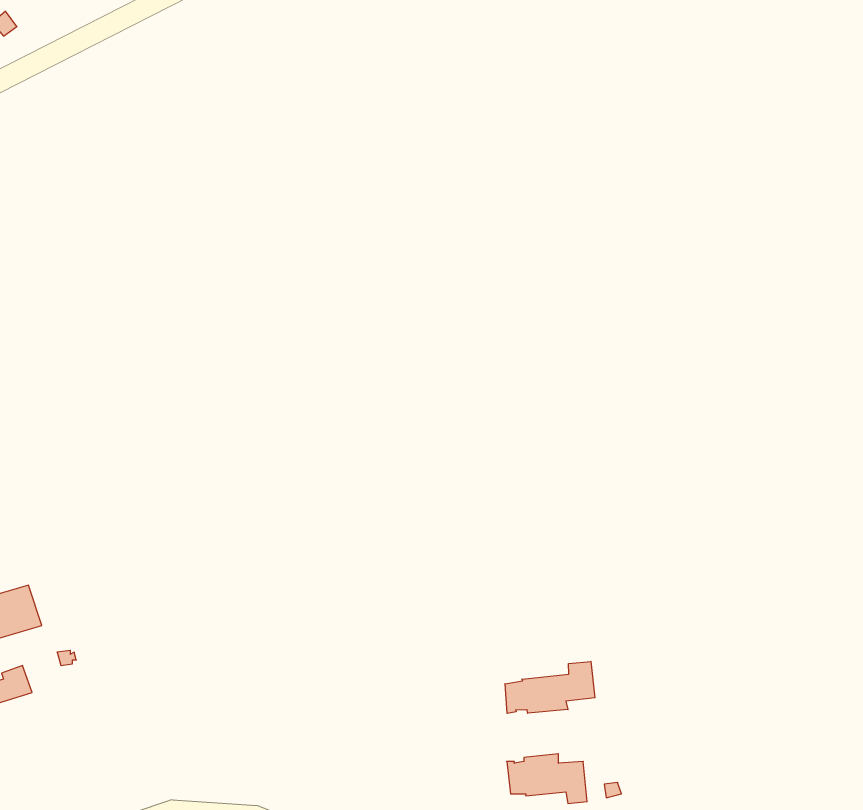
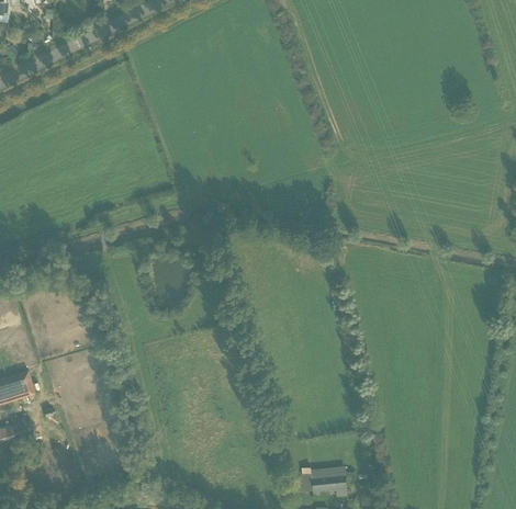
building: [505,661,595,713] -> none

